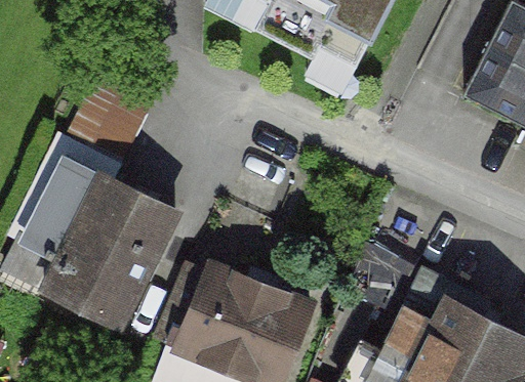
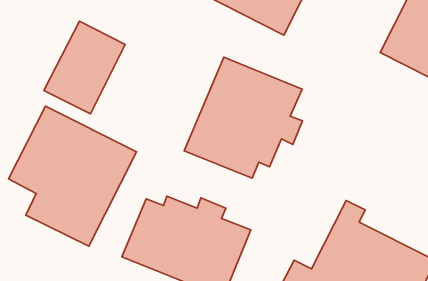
building: none -> [184,57,302,178]

